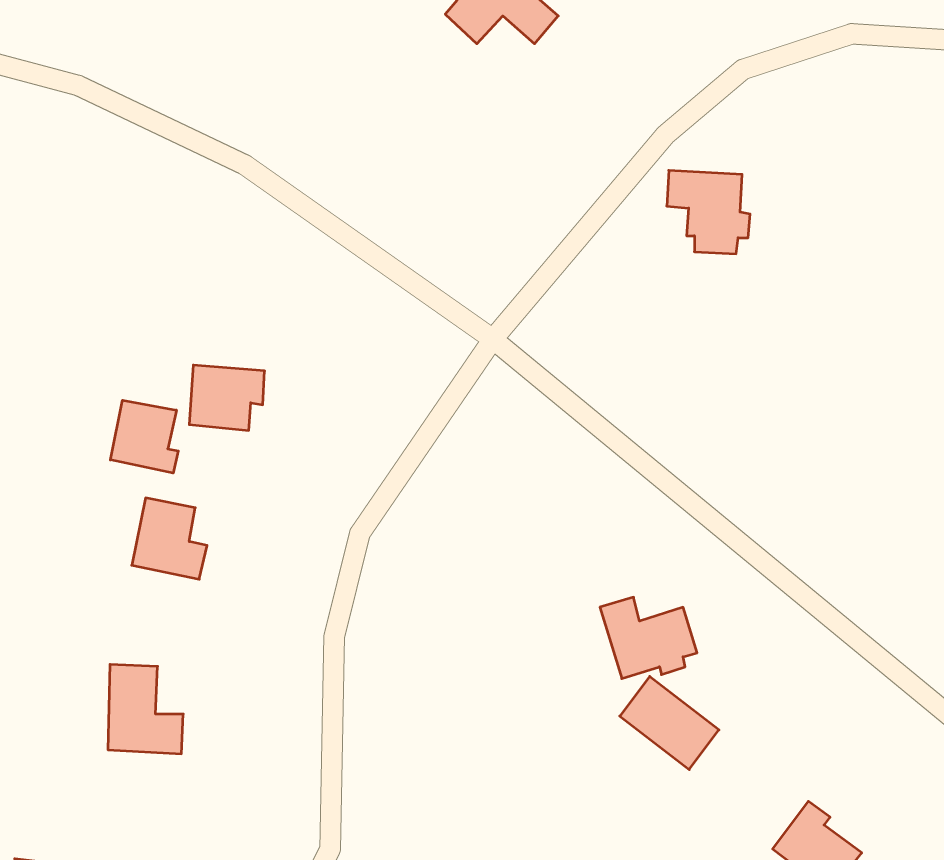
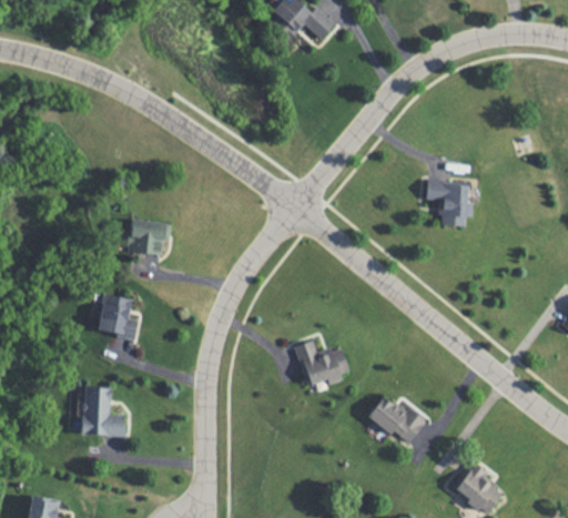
building: [667,170,750,254] -> [426,179,473,225]
building: [110,400,178,473] -> none
building: [600,597,697,679] -> [295,339,349,385]

